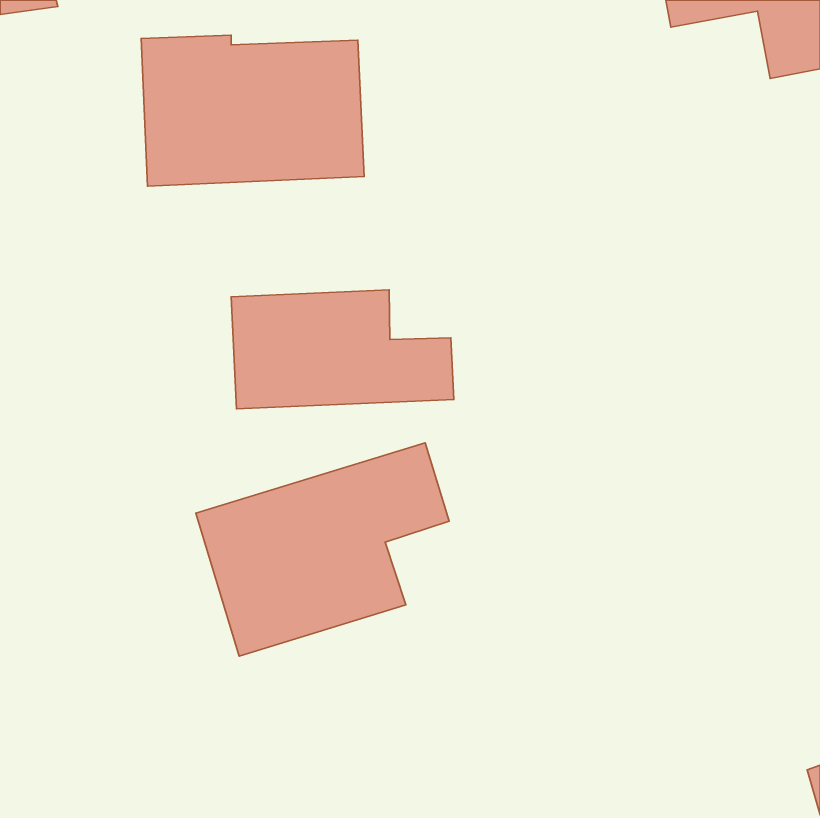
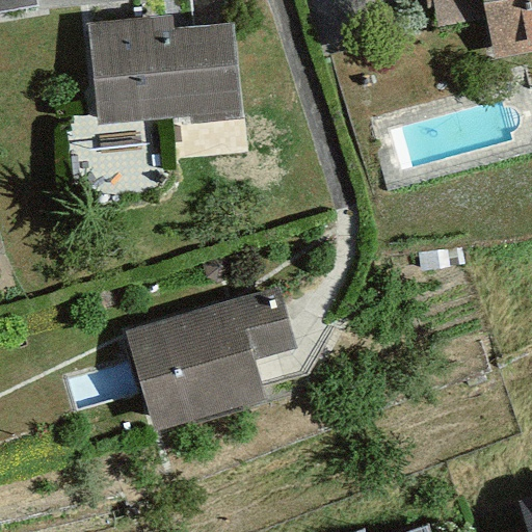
building: [231,290,454,409] -> none

